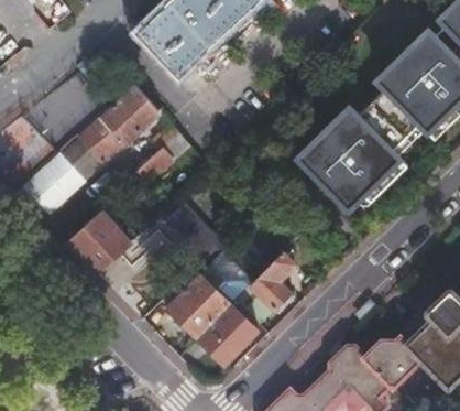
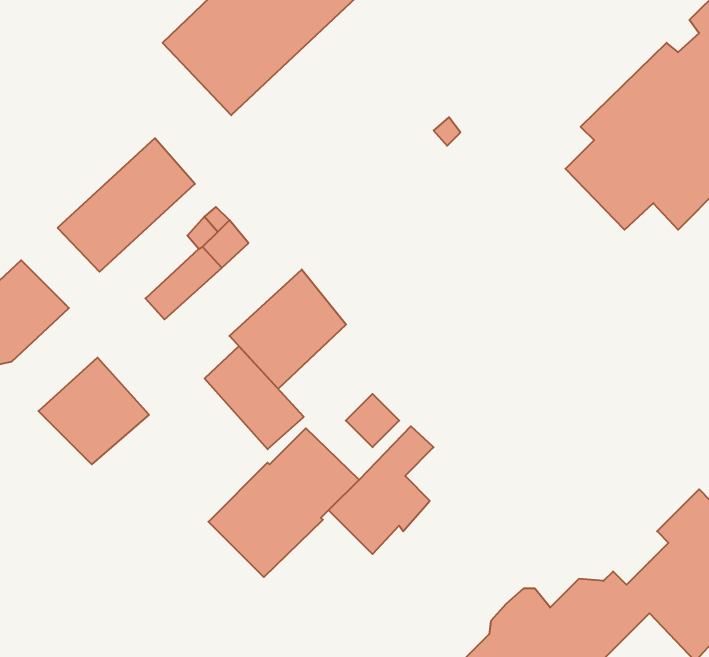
building: [300,102,408,207] -> none
building: [57,137,102,181] -> none
building: none -> [229,269,346,389]
building: [197,305,258,366] -> none

